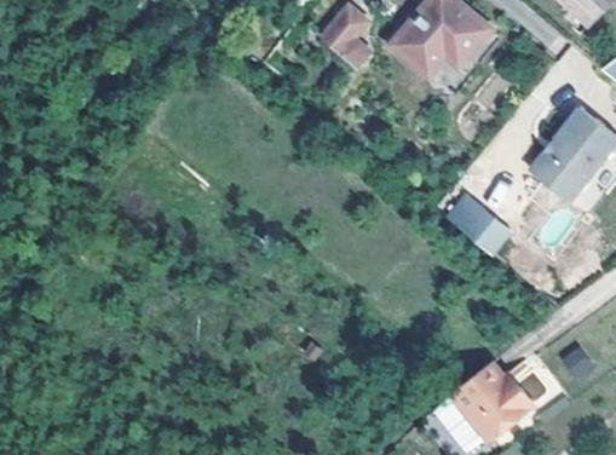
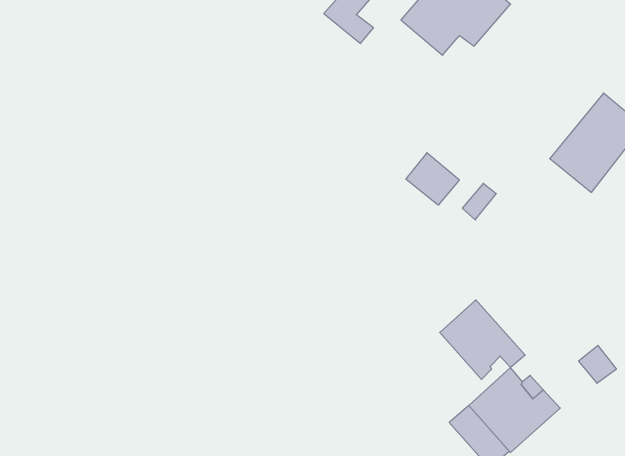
building: [461,202,511,250] -> [406,153,459,205]
building: none -> [440,300,525,379]

